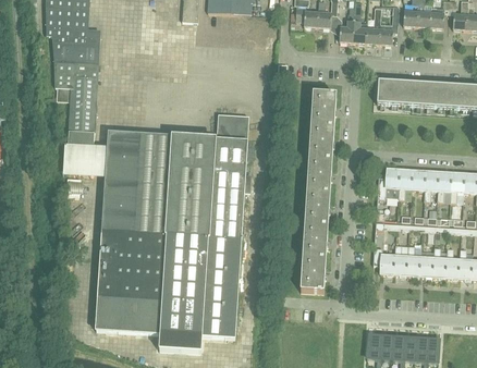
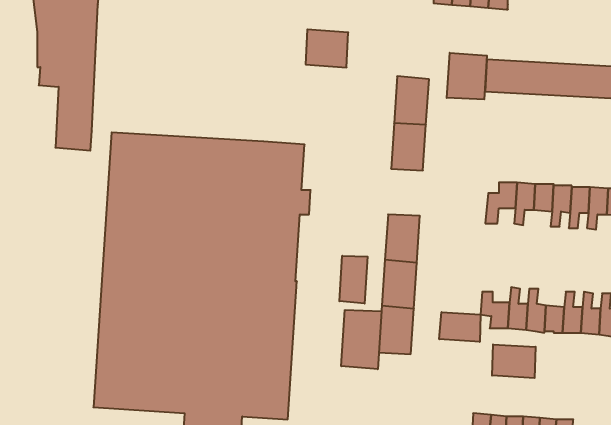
building: none -> [447,53,487,99]
building: [217,113,247,140] -> [306,29,348,67]
building: [306,158,331,192] -> none
building: none -> [339,256,368,304]
building: none -> [341,310,382,369]
building: none -> [439,312,481,342]
building: none -> [492,344,536,378]

